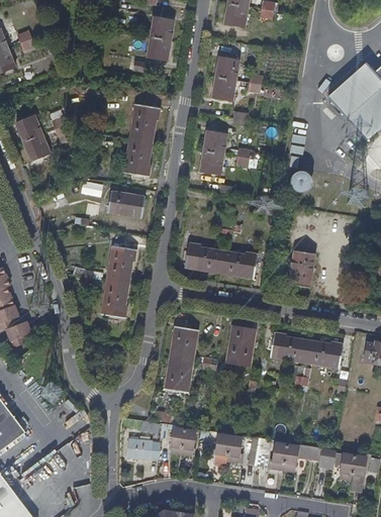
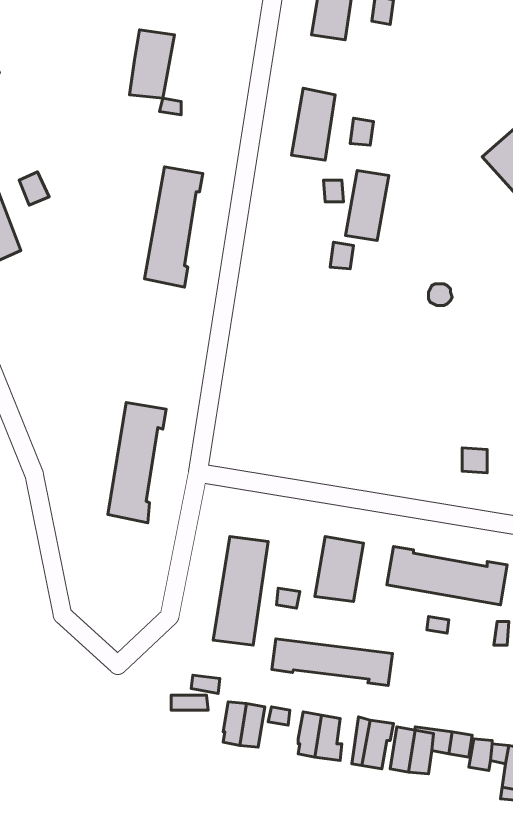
building: [147,17,174,59] -> [129,30,175,98]
building: [200,132,226,175] -> [345,170,389,241]
building: [107,192,145,218] -> none
building: [185,244,257,279] -> none
building: [288,250,314,288] -> none
building: none -> [272,639,393,686]
building: [126,436,161,460] -> none

